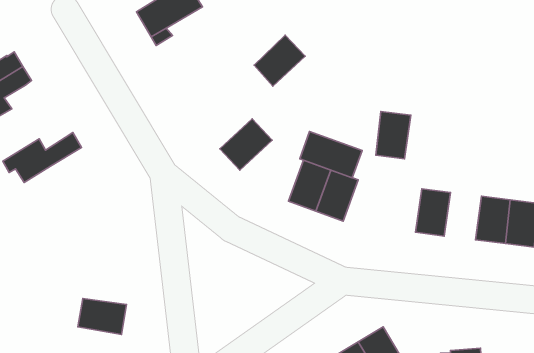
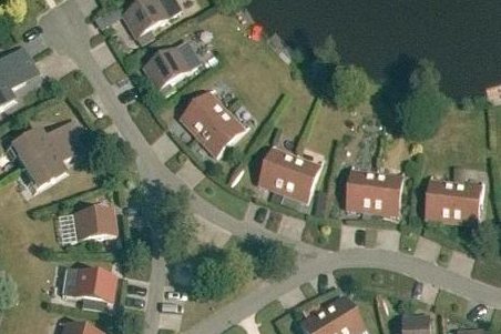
building: [254,35,305,86] -> [181,91,226,136]
building: none -> [143,45,191,89]
building: [376,112,411,159] -> [346,169,377,211]
building: [300,132,362,178] -> none
building: none -> [23,135,82,192]
building: none -> [72,208,114,240]

